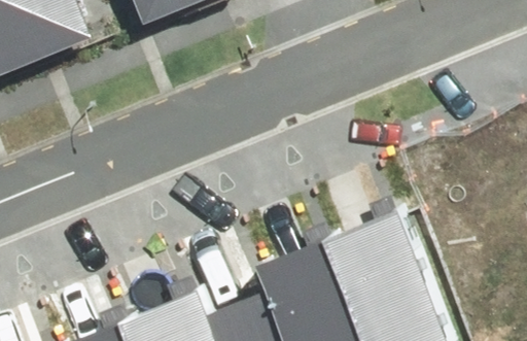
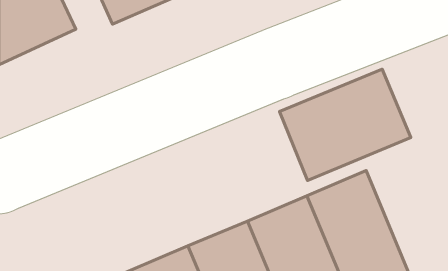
building: none -> [279,69,411,181]

